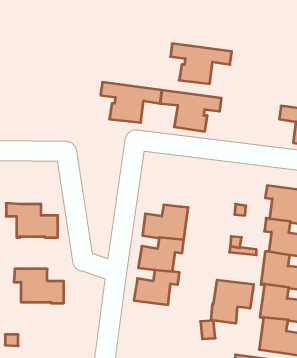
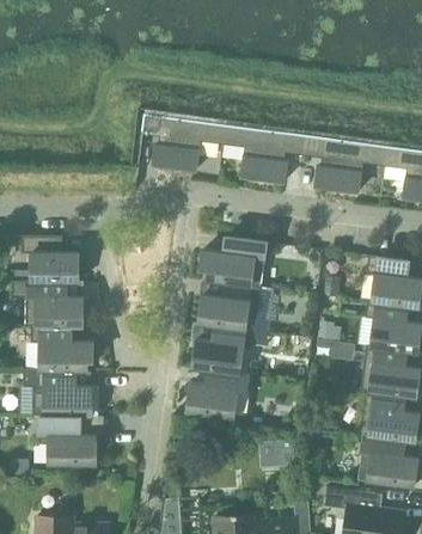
building: [170,44,232,84] -> [304,136,387,191]
building: none -> [22,235,78,282]
building: none -> [200,238,267,286]
building: none -> [31,325,92,370]
building: [211,280,254,323] -> none
building: none -> [39,415,96,465]

